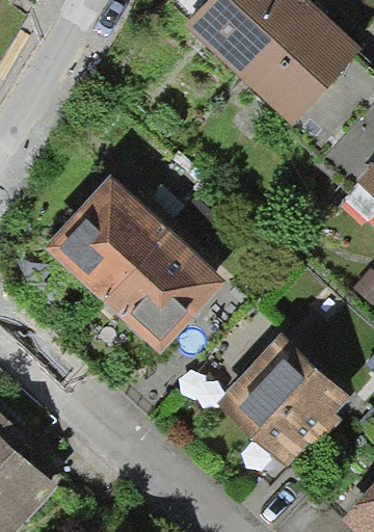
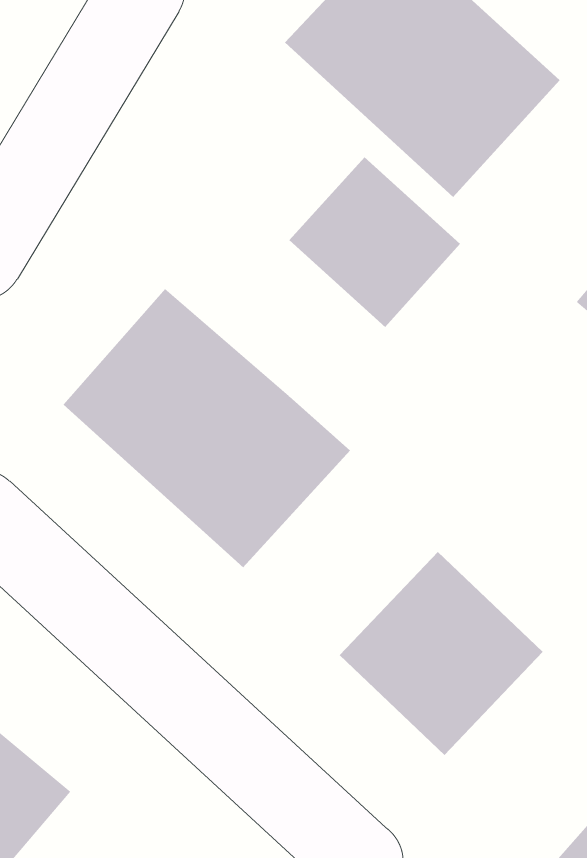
building: none -> [288,156,461,328]

